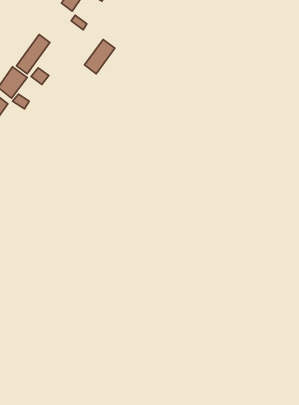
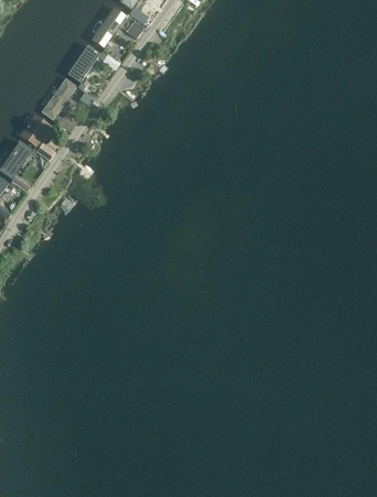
building: [84,39,115,74] -> [66,43,100,82]

